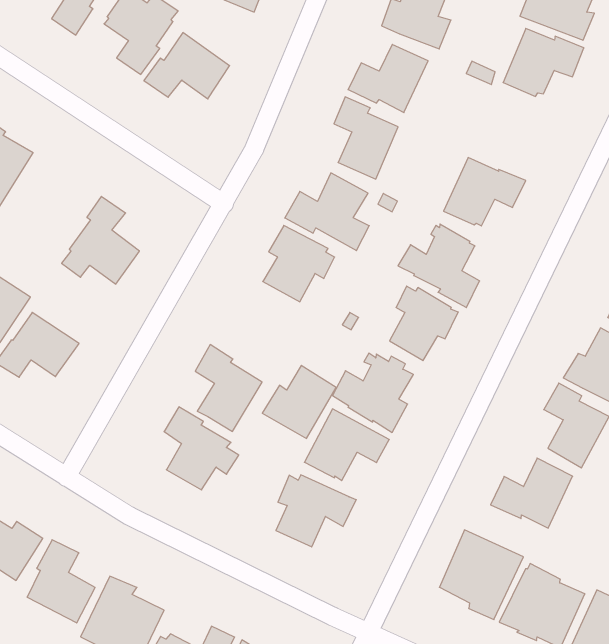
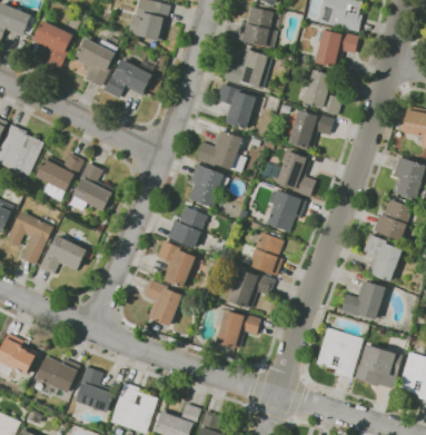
building: none -> [303,69,343,115]
building: none -> [36,152,83,200]
building: [262,365,336,438] -> [166,206,207,248]

